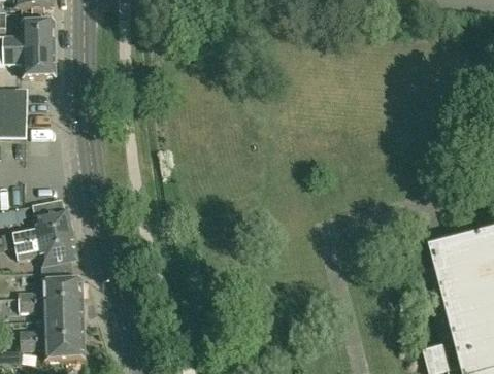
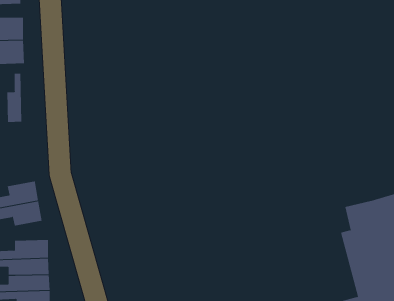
building: none -> [7,73,22,123]

